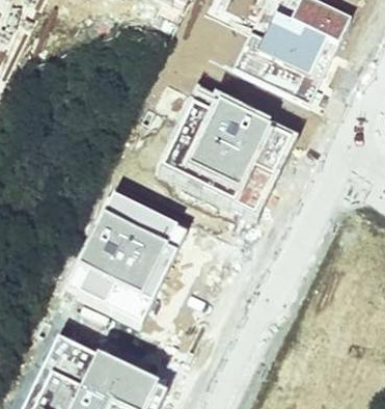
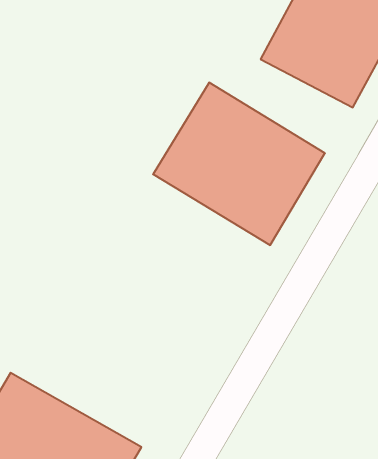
building: [68,193,184,322] -> none

